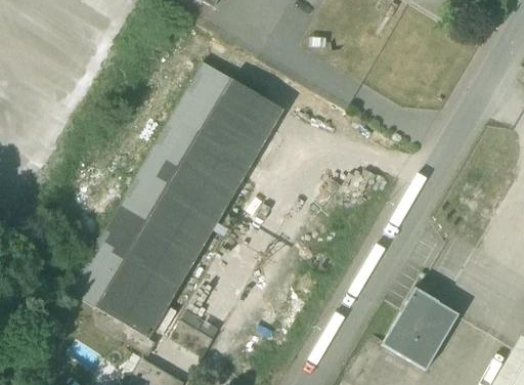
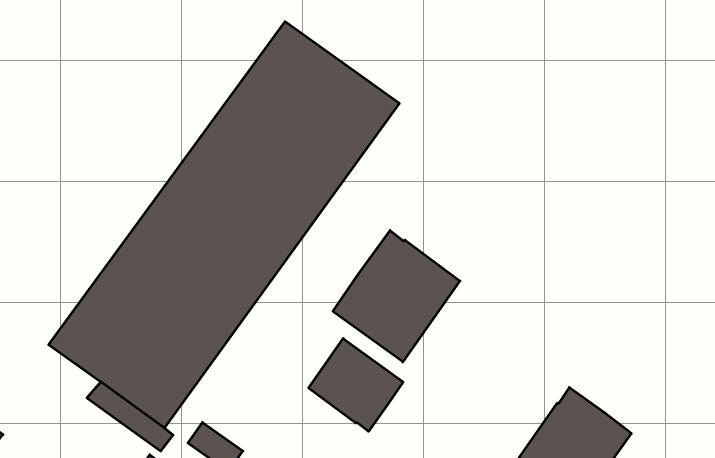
building: none -> [333,230,460,362]
building: none -> [309,338,403,431]

